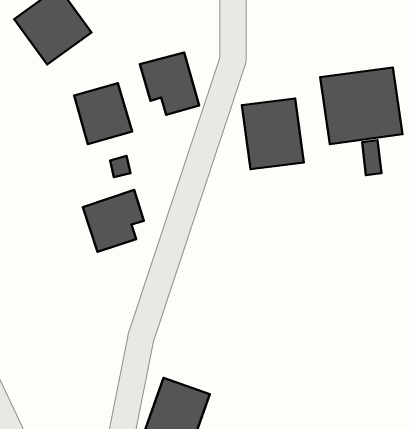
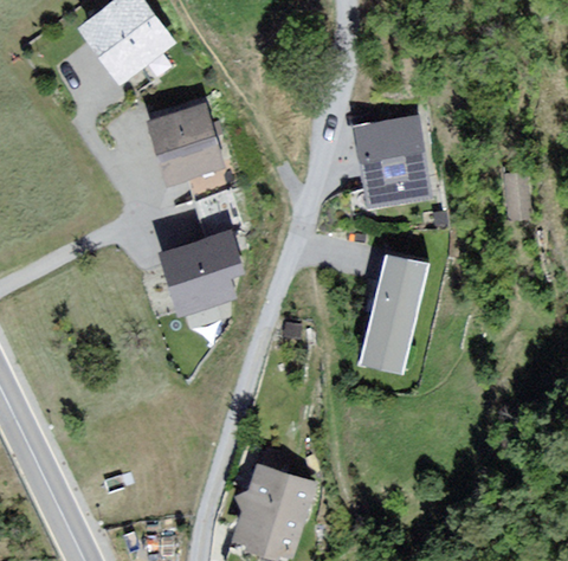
building: [140,52,199,115] -> none
building: [320,67,402,144] -> none
building: none -> [361,253,428,370]

